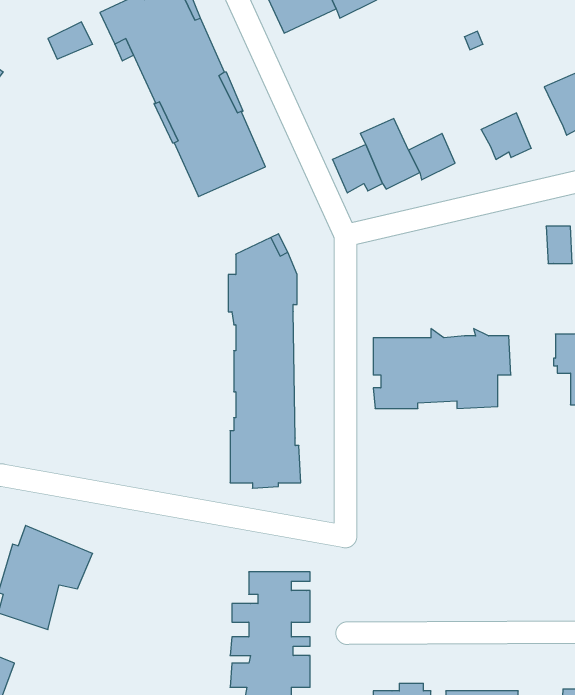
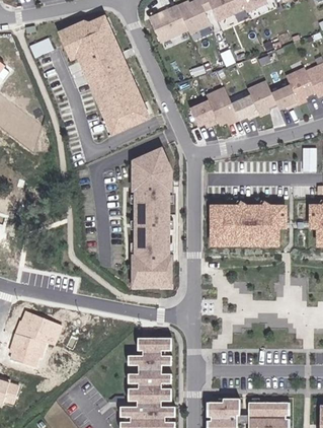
building: none -> [284,68,314,105]
building: none -> [245,82,274,118]

